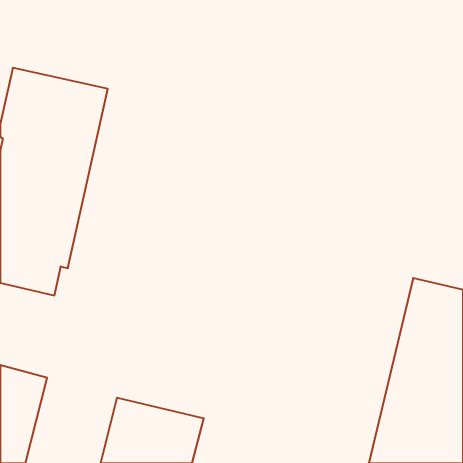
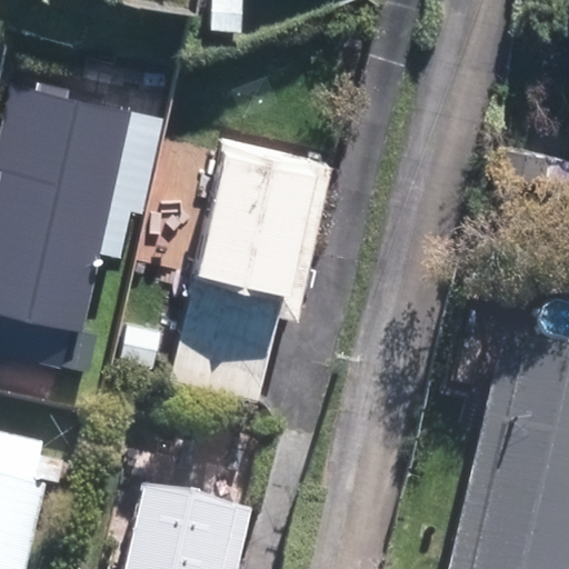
building: none -> [168,143,326,395]

